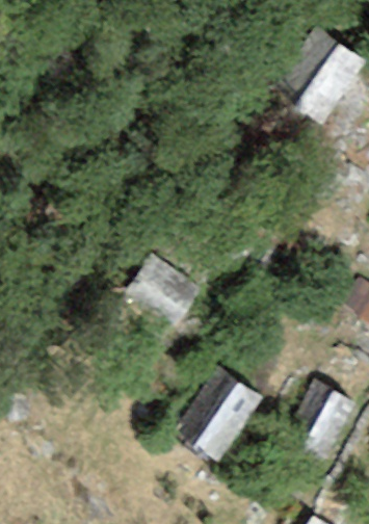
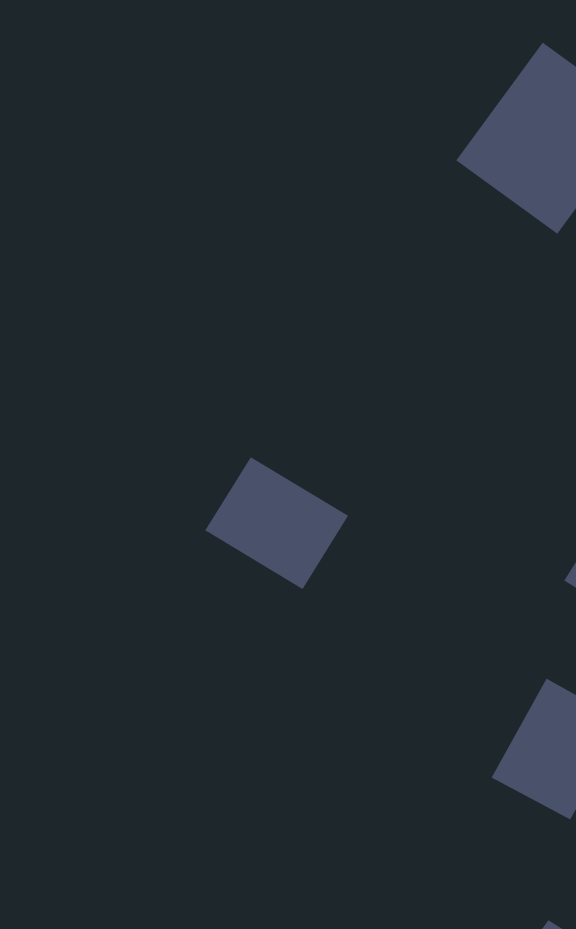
building: [173,365,267,463] -> none

